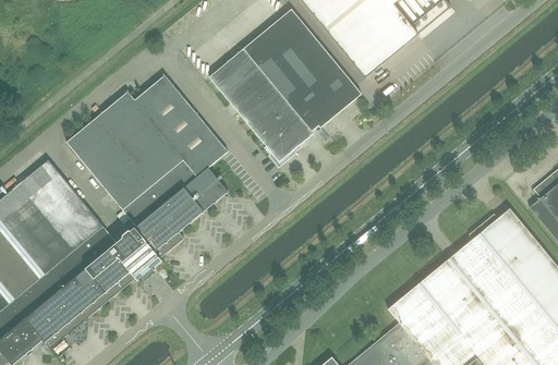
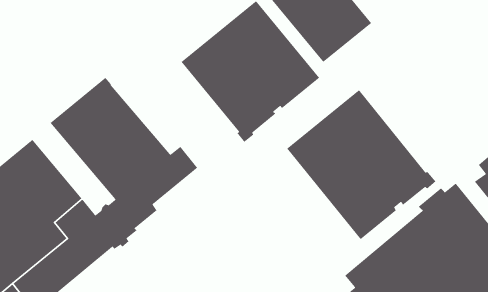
building: [134,74,229,175] -> none
building: none -> [286,89,437,240]

